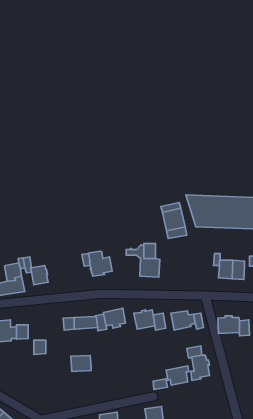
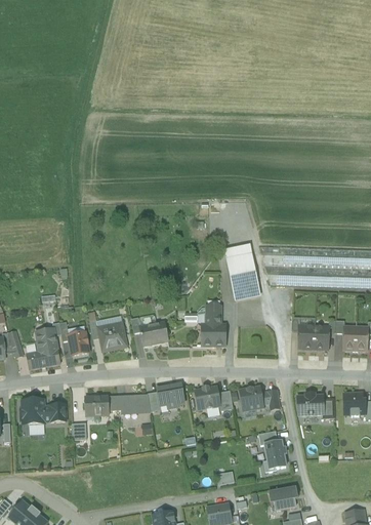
building: none -> [96,324,128,352]
building: [71,355,91,371] -> [84,397,109,416]
building: [166,366,189,385] -> [269,487,296,511]

